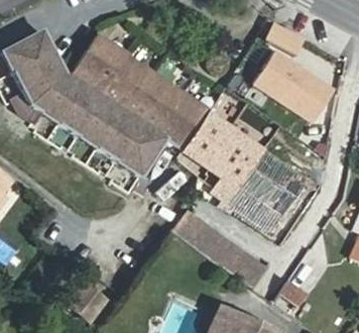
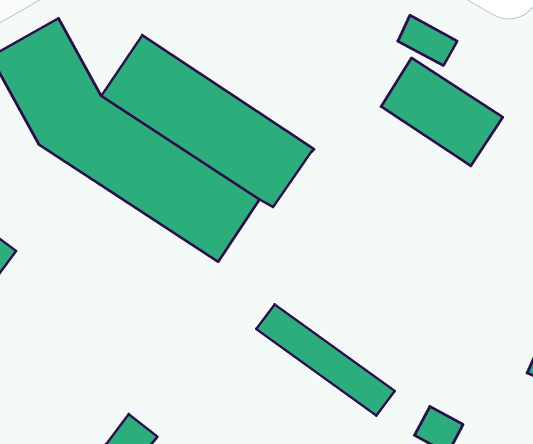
building: [184,112,317,230] -> none

